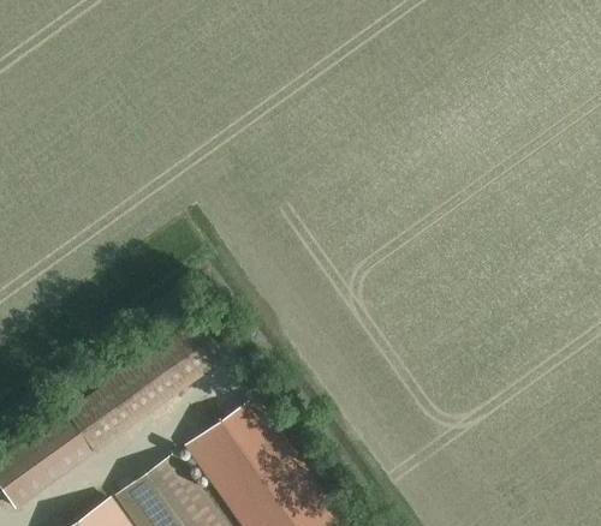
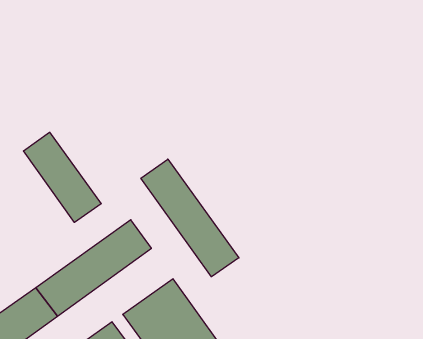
building: none -> [23,132,101,222]
building: none -> [141,159,239,277]

